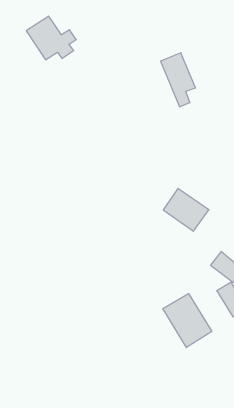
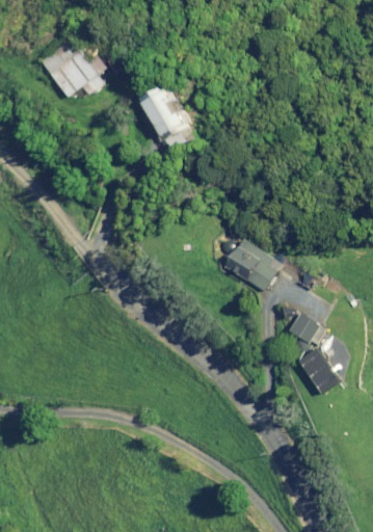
building: [161,53,195,107] -> [138,85,184,152]
building: [163,294,212,348] -> none

